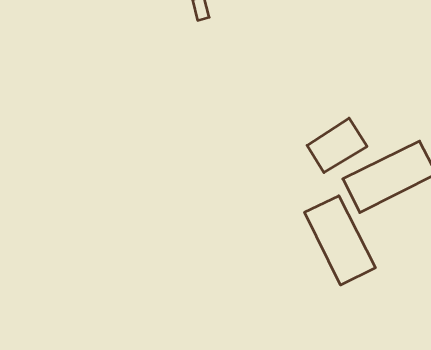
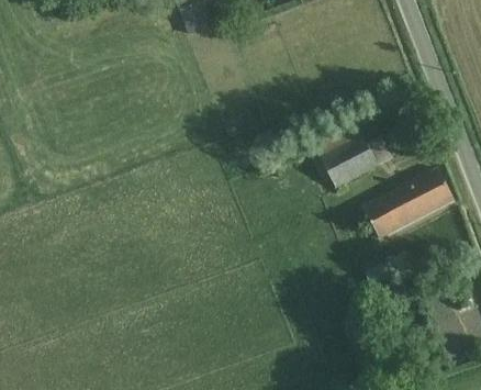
building: [305,196,375,285] -> none

